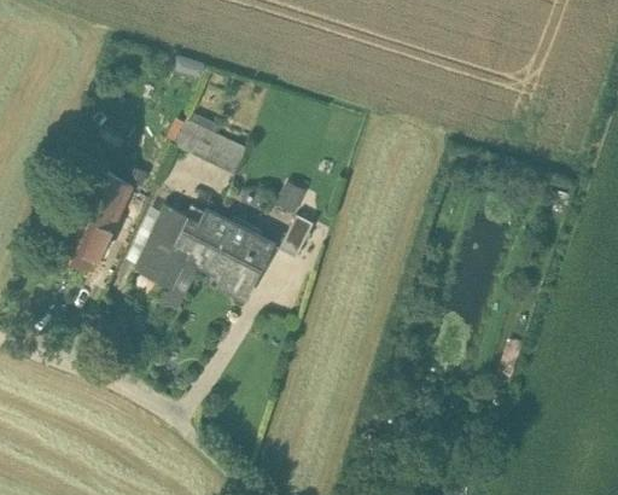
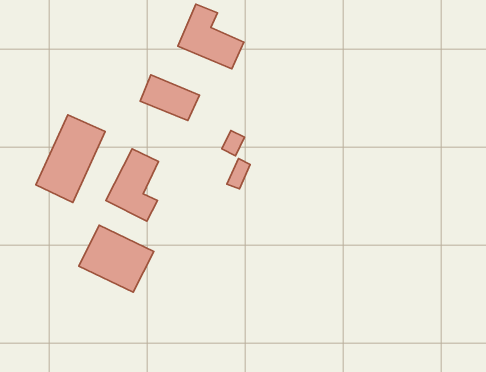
building: none -> [178,4,244,69]
building: [181,210,274,293] -> [79,225,154,292]

